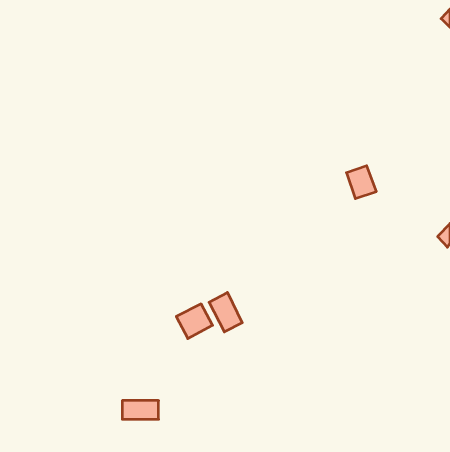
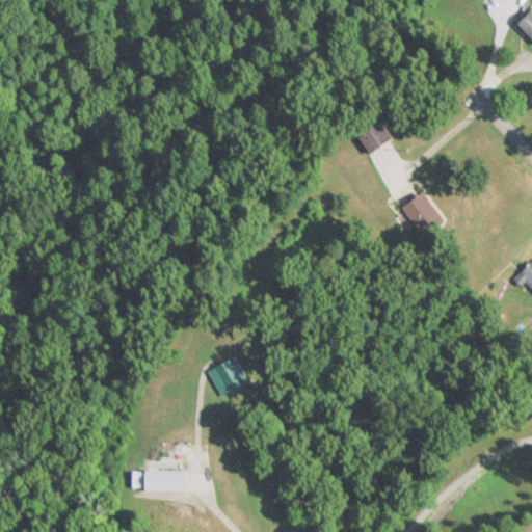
building: none -> [360,121,396,154]
building: [209,292,242,332] -> none

